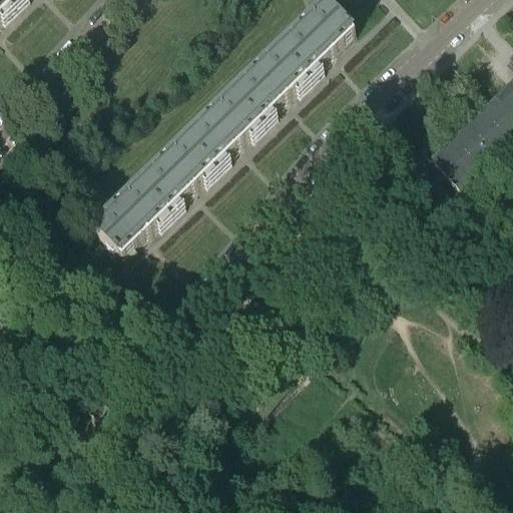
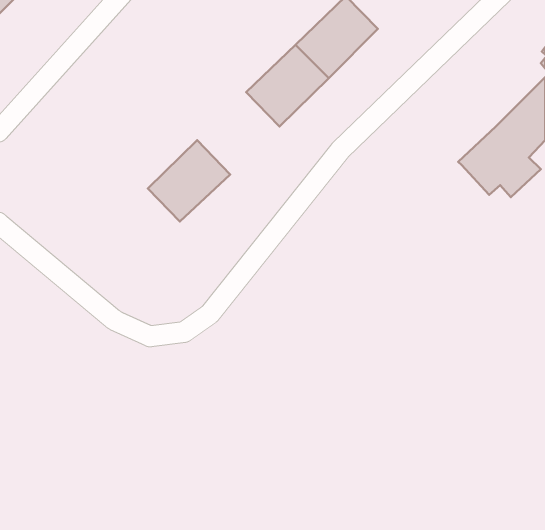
building: [184,86,262,163] -> none
building: [91,176,168,253] -> none

